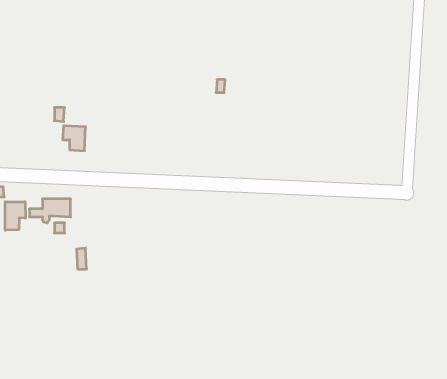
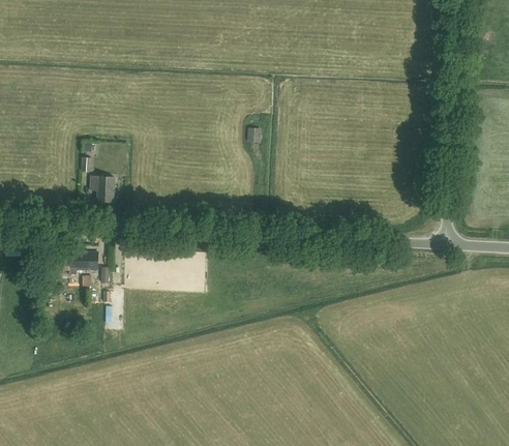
building: [5,202,25,230] -> none

